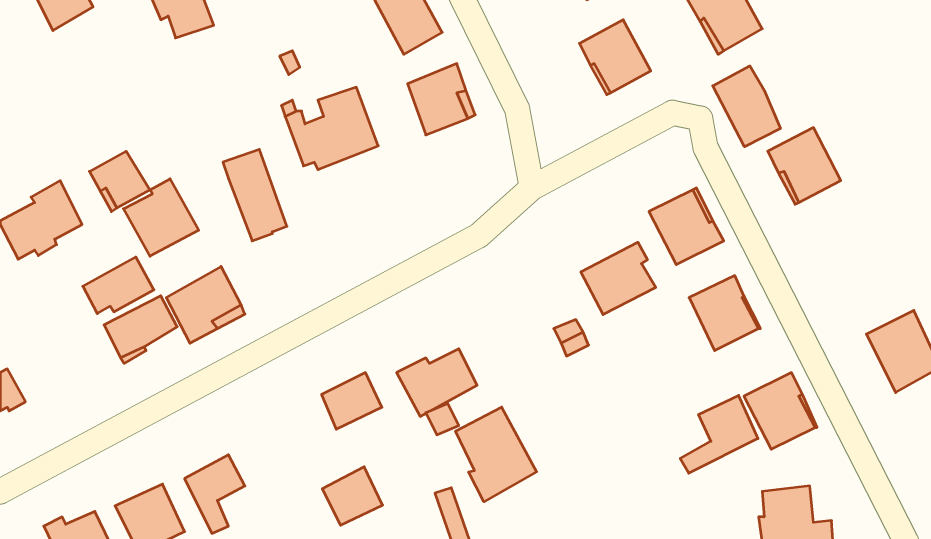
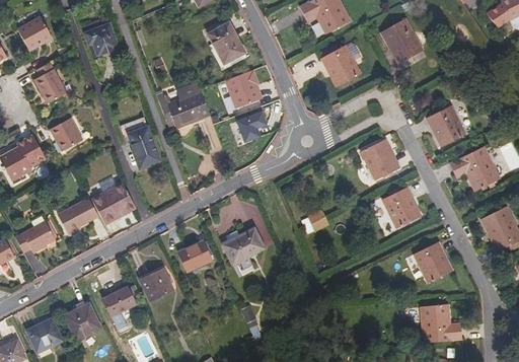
building: none -> [34,62,67,103]
building: [713,66,780,147] -> none
building: none -> [234,113,265,143]
building: [123,179,199,256] -> none
building: none -> [449,146,501,192]
building: [581,242,656,315] -> none
building: [83,257,154,314] -> [15,221,55,252]
building: [680,395,758,473] -> none
building: [456,407,537,502] -> none
building: [322,467,383,525] -> [140,268,173,300]

